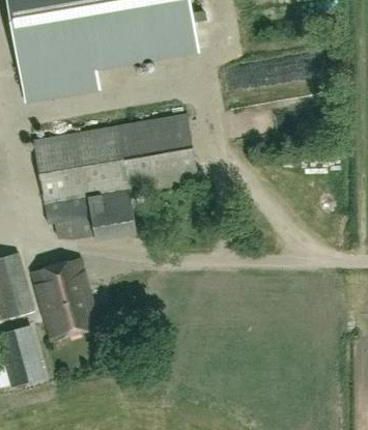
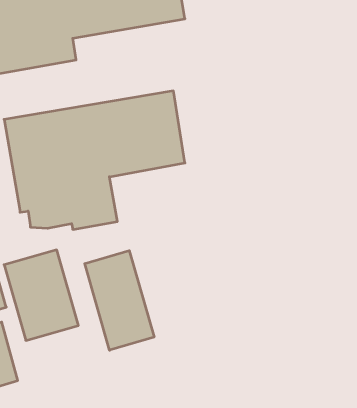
building: none -> [85,251,154,350]

